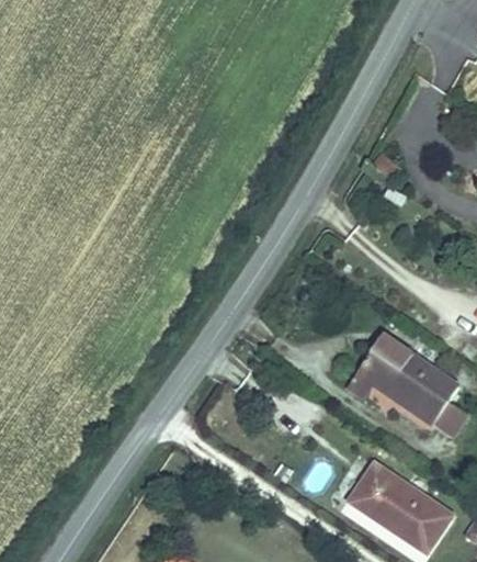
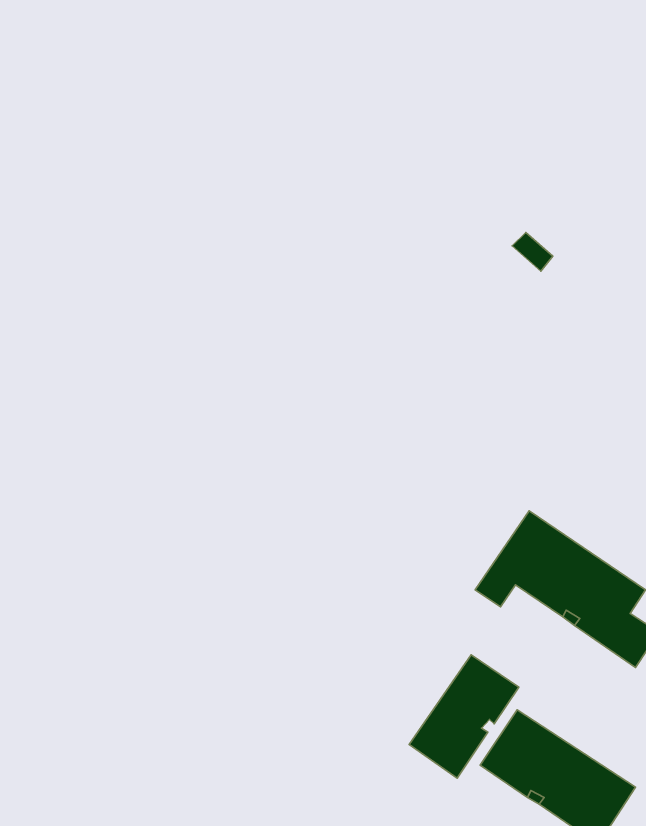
building: none -> [409,655,519,778]

